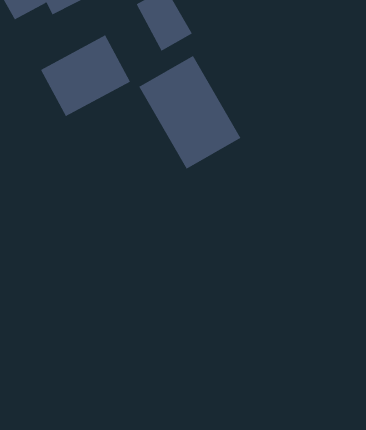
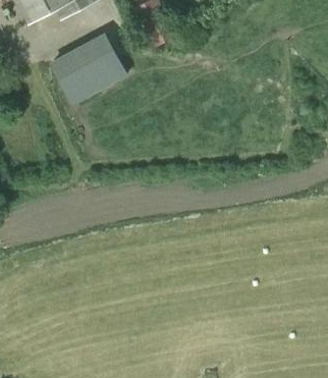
building: [139,55,241,169] -> none

